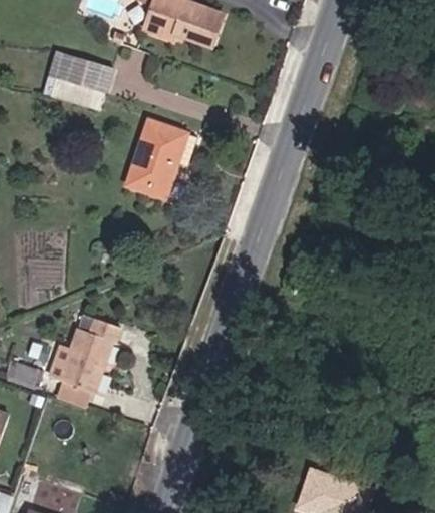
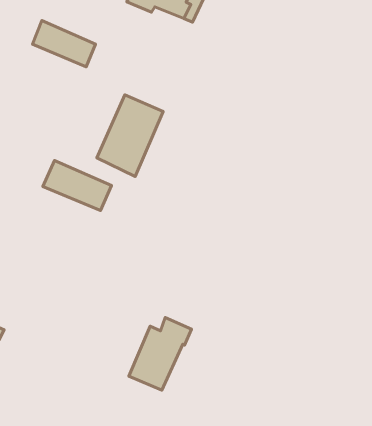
building: none -> [43,161,111,211]
building: [58,321,119,396] -> [129,317,192,390]

